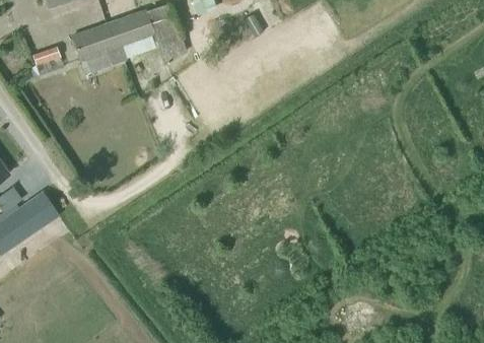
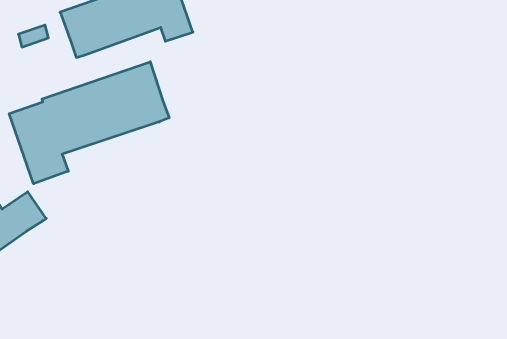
building: none -> [9,62,169,184]

